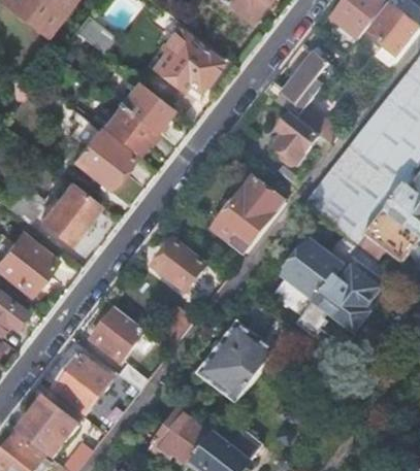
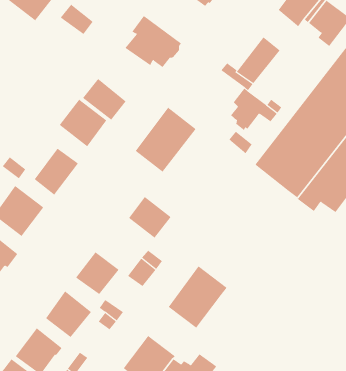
building: [118,79,169,129] -> none
building: [213,176,286,255] -> [135,107,196,172]
building: [273,236,388,336] -> none

